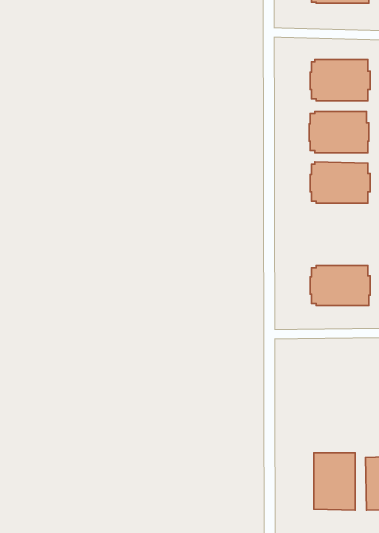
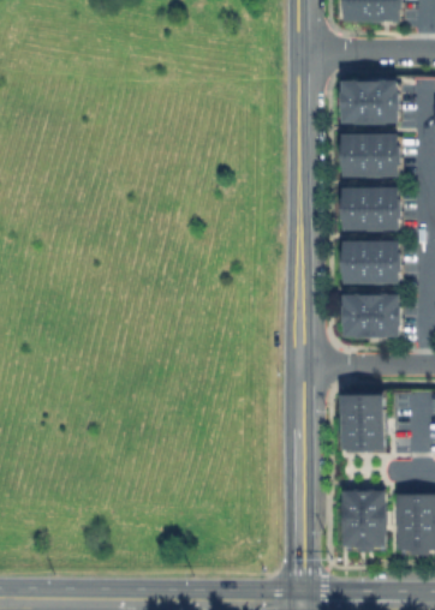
building: none -> [339,240,401,283]
building: none -> [342,394,386,450]

